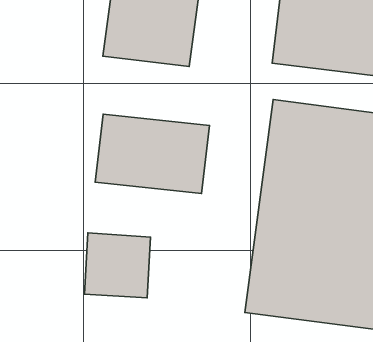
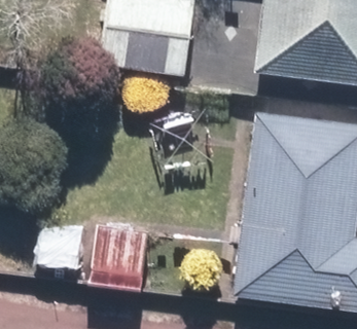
building: [95,114,209,194] -> none

